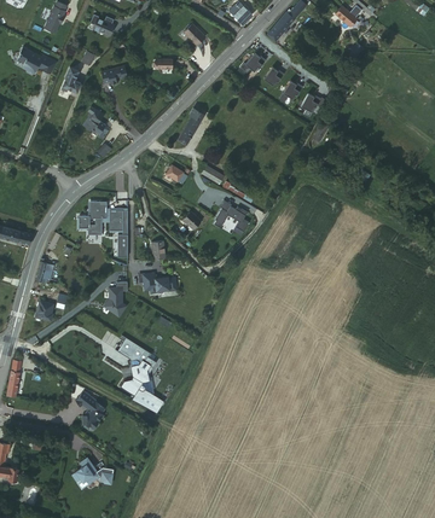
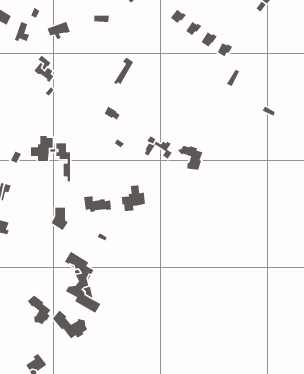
building: none -> [177,145,204,170]
building: none -> [121,185,146,212]
building: none -> [52,310,88,339]

